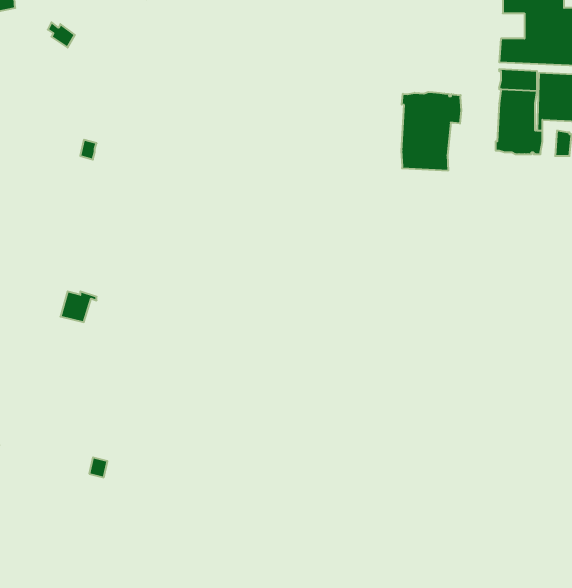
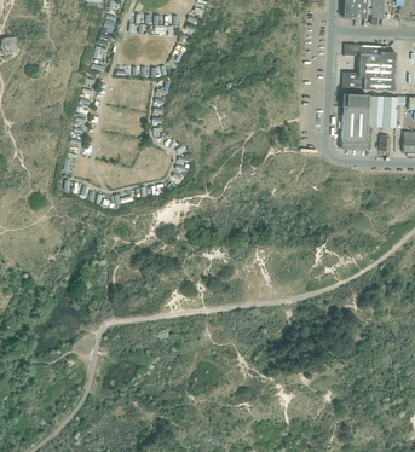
building: [402,92,461,171] -> none

